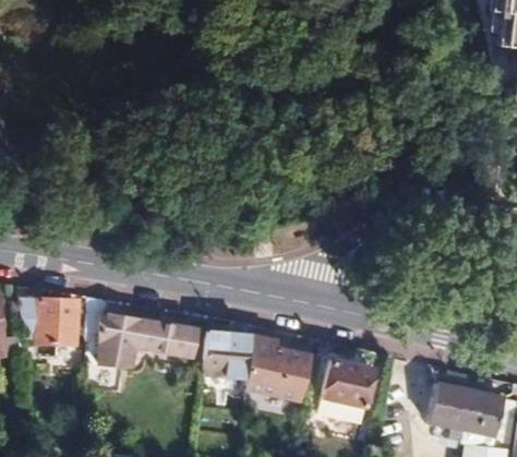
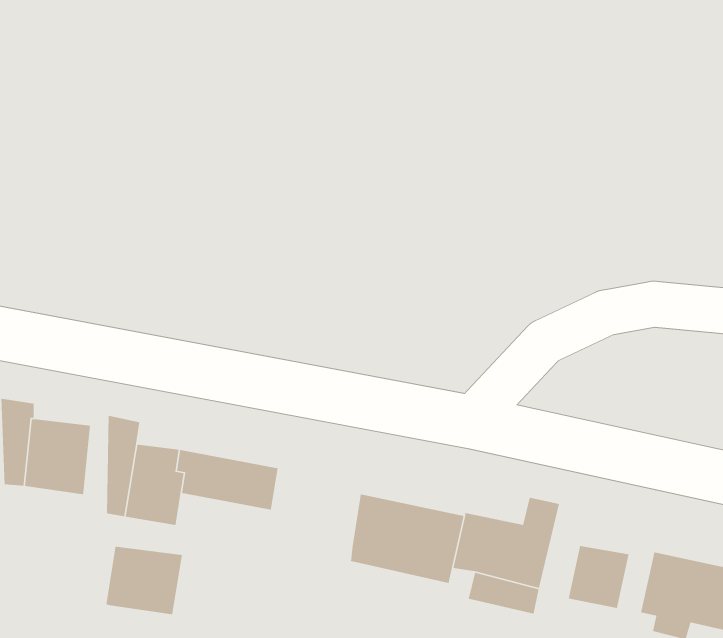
building: [204,320,254,378] -> none
building: none -> [568,545,629,609]
building: none -> [105,546,183,615]

